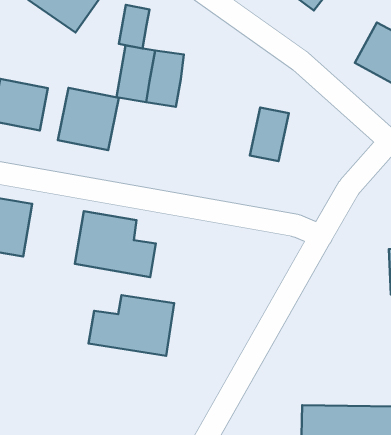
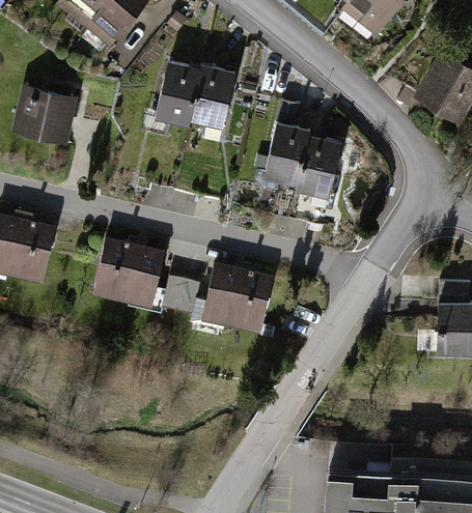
building: [119,5,150,48] -> none
building: [58,88,119,150] -> none
building: none -> [262,129,308,189]
building: [89,295,174,356] -> [177,263,274,333]

